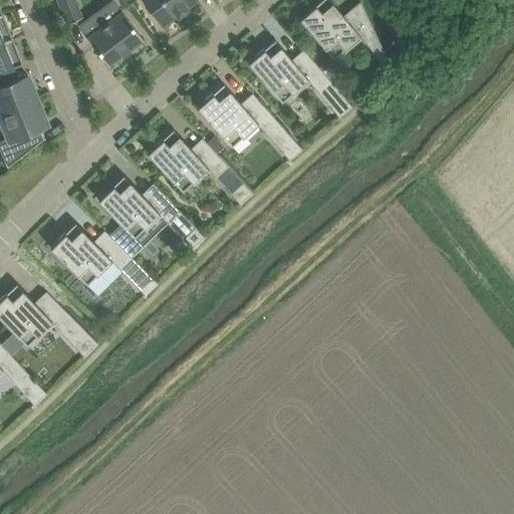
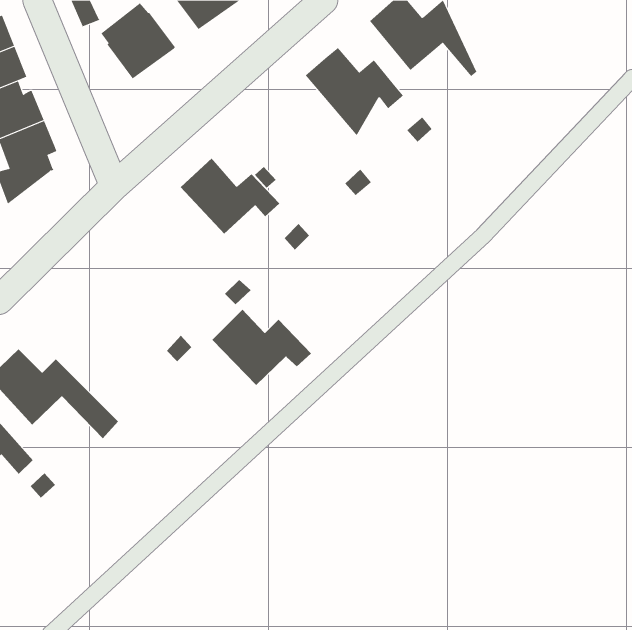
building: [196,85,277,148] -> none
building: [97,177,179,239] -> [211,309,312,386]
building: [49,224,134,286] -> none

